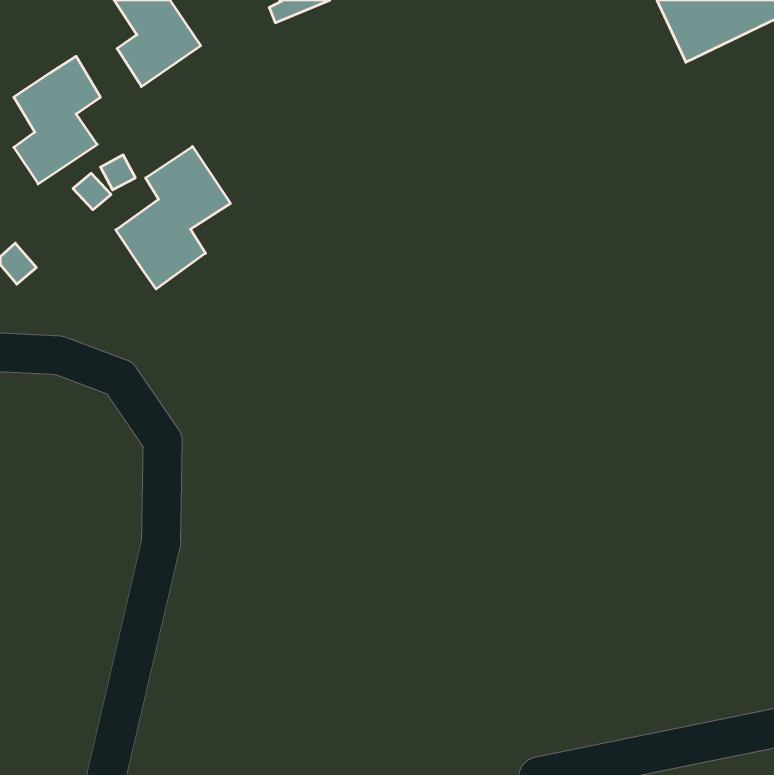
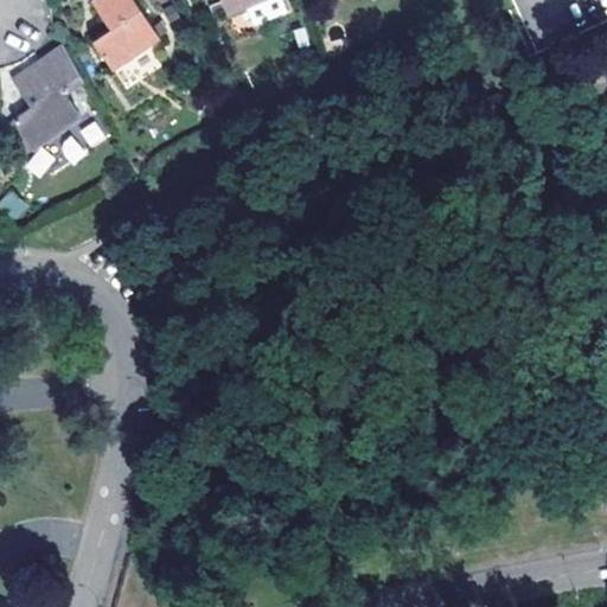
building: [116,146,230,289] -> none

